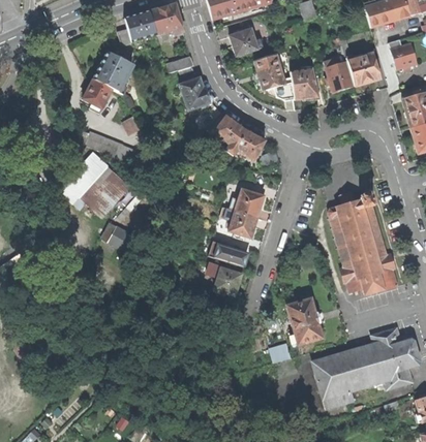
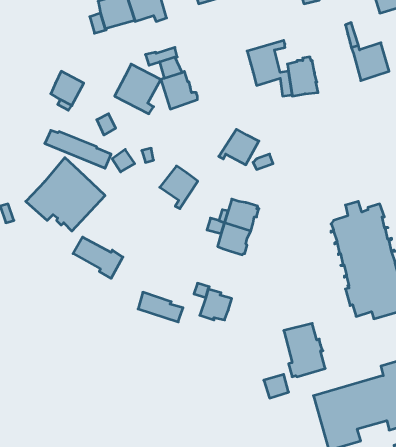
building: [230,27,264,56] -> none
building: [93,50,133,93] -> [115,64,161,114]
building: [325,57,355,92] -> none
building: [213,115,246,152] -> [160,166,198,209]
building: [209,240,248,265] -> [138,292,183,322]

